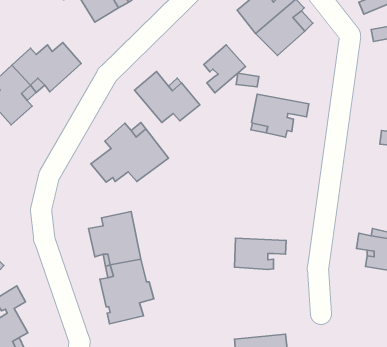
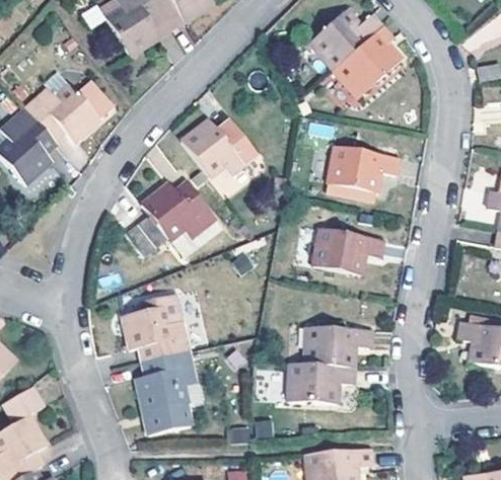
building: [204,45,246,93] -> none
building: none -> [312,226,383,273]
building: none -> [287,362,354,401]

